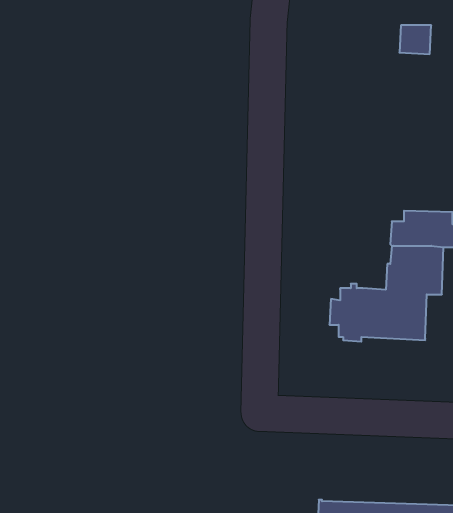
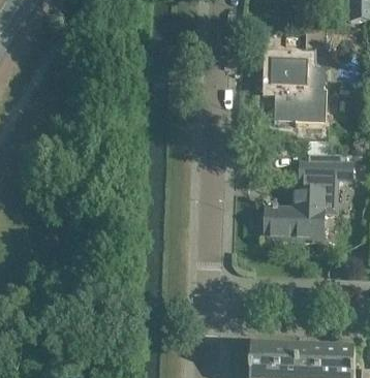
building: none -> [270,60,325,121]

